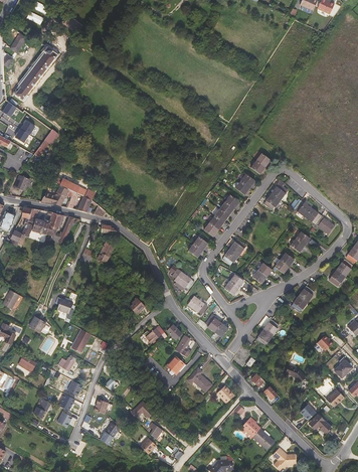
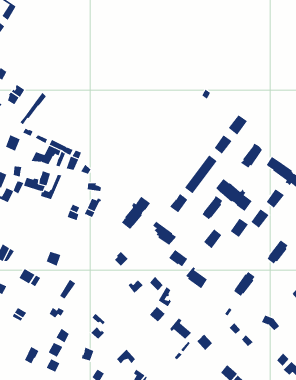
building: [14,45,58,101] -> none
building: none -> [215,178,253,212]
building: none -> [121,196,151,230]

